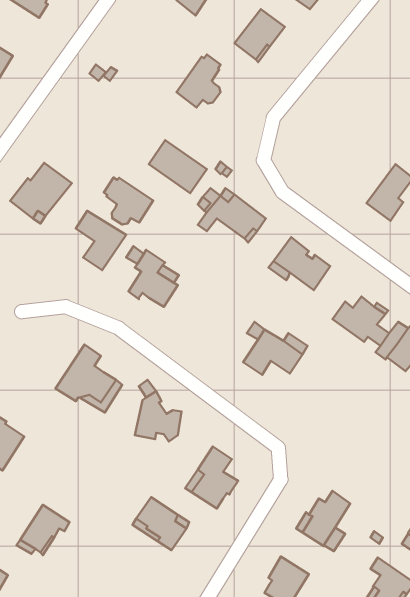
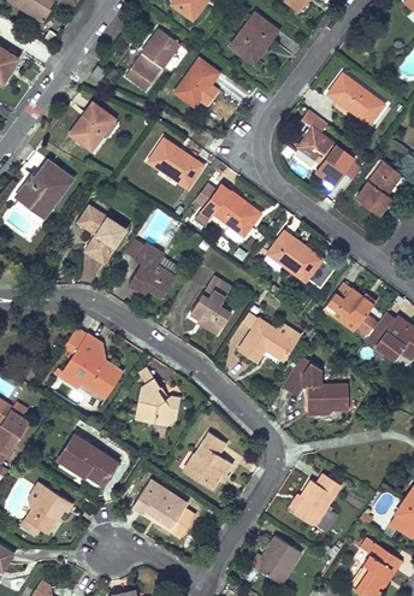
building: none -> [125,29,181,90]
building: none -> [327,73,384,124]
building: none -> [70,104,114,151]
building: none -> [297,128,354,181]
building: [104,177,153,224] -> none
building: none -> [190,277,231,334]
building: none -> [282,356,348,411]
building: none -> [58,435,117,485]

